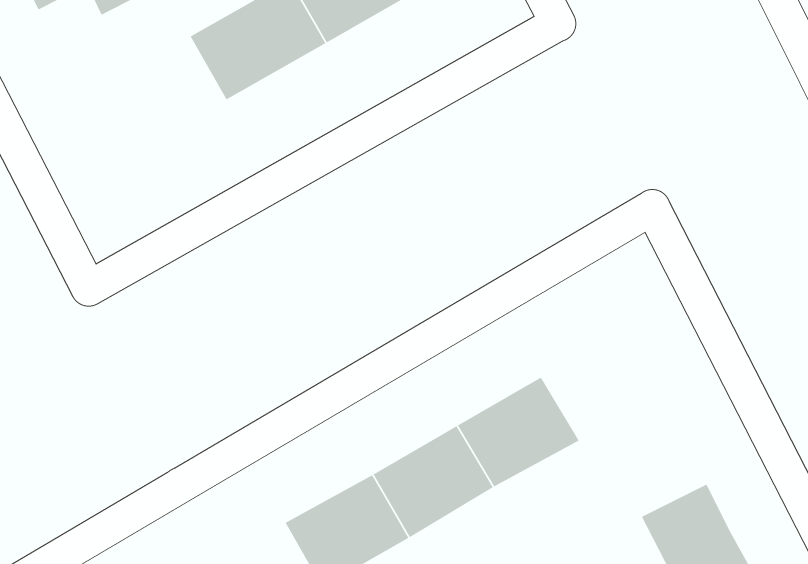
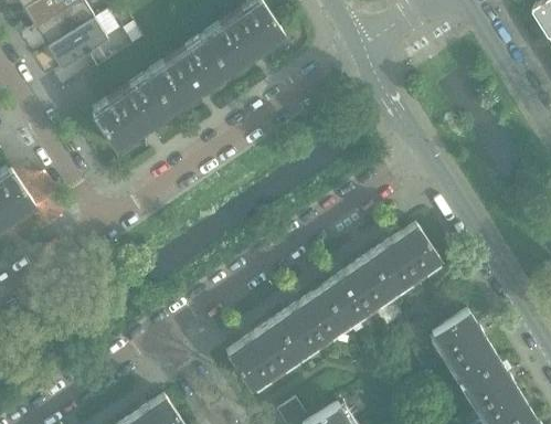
building: none -> [92,77,172,151]
building: none -> [367,224,439,293]

